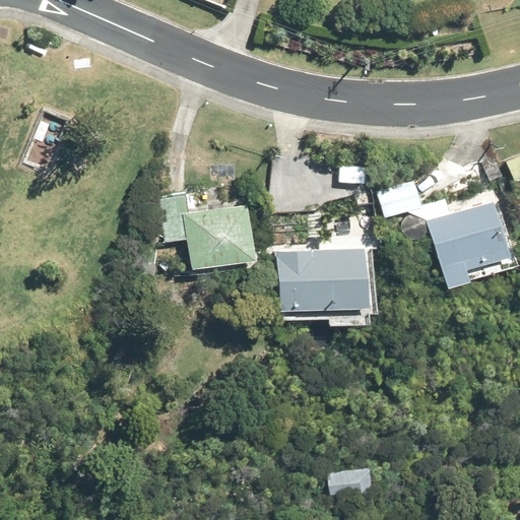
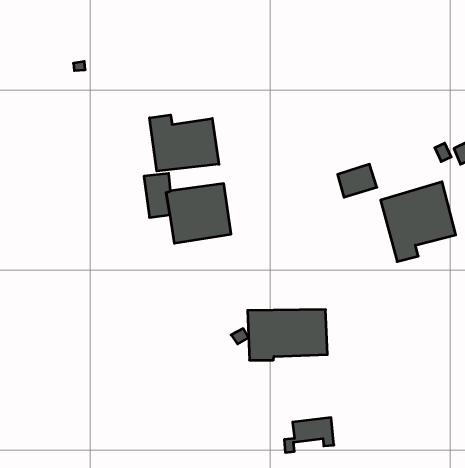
building: none -> [150,115,219,171]
building: [279,250,368,306] -> [248,310,327,360]

